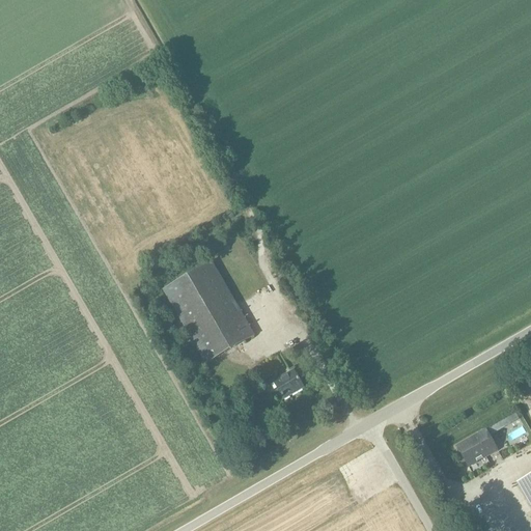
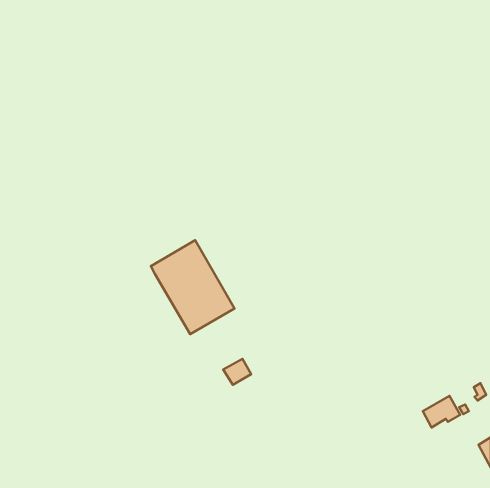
building: [274,368,304,396] -> [223,359,251,385]

